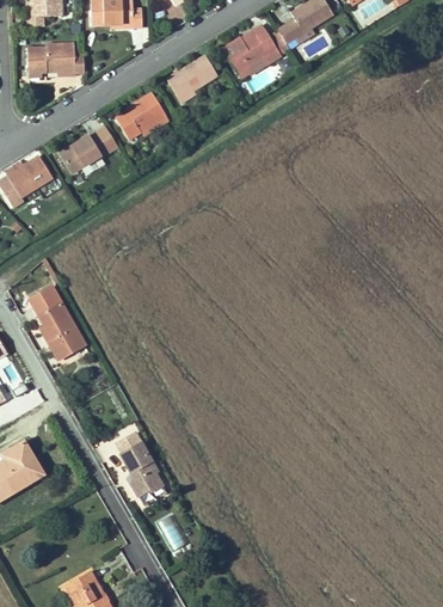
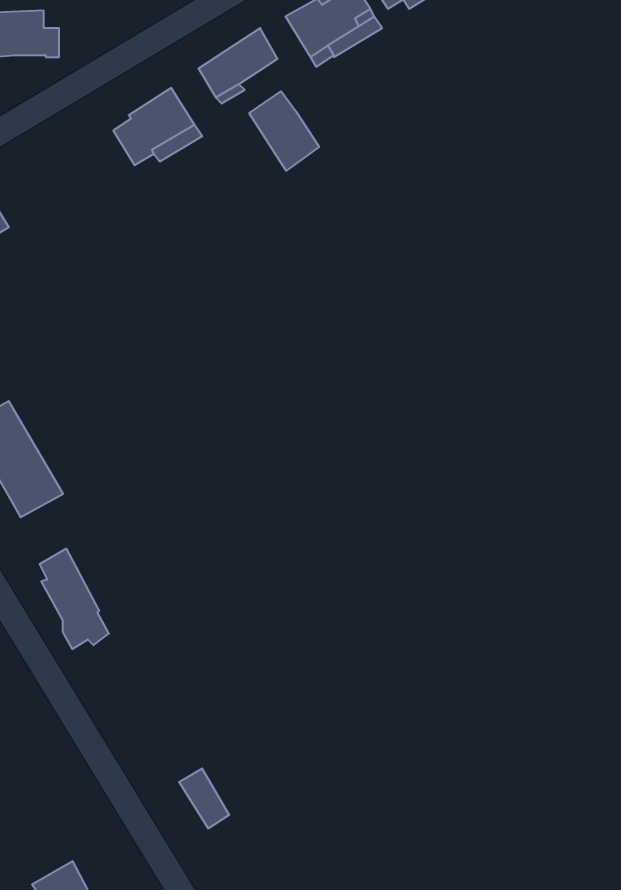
building: none -> [249,91,319,171]
building: [56,131,109,172] -> none
building: [118,433,161,495] -> [39,549,109,649]

